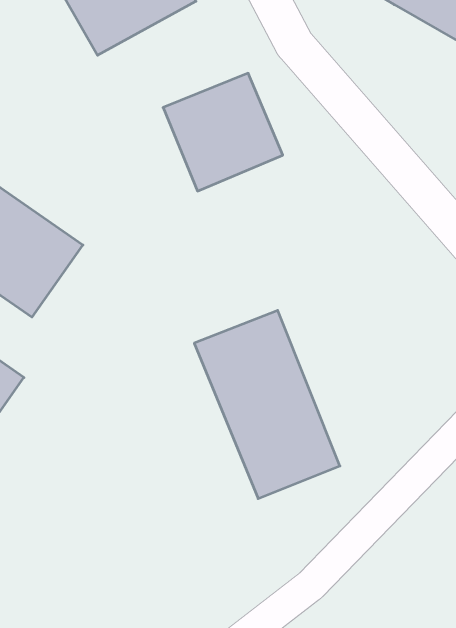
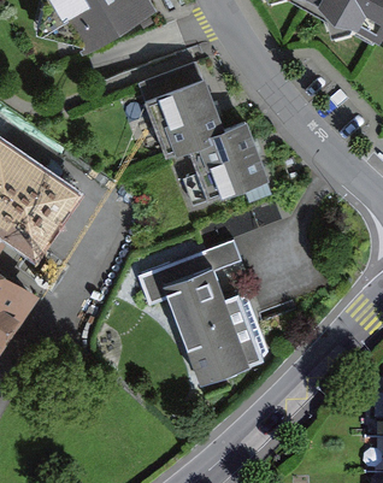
building: none -> [189,122,271,217]

